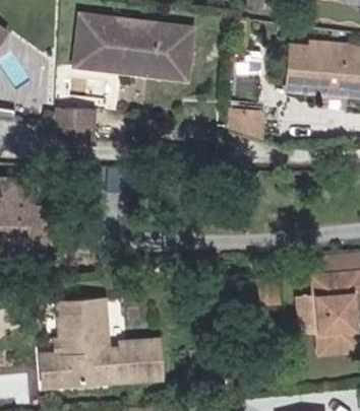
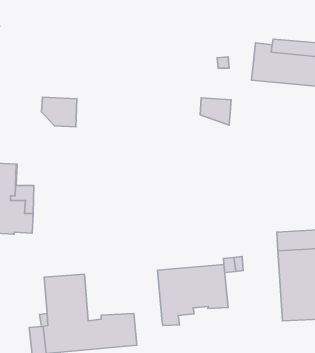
building: [75,13,193,76] -> none
building: none -> [157,265,228,326]

